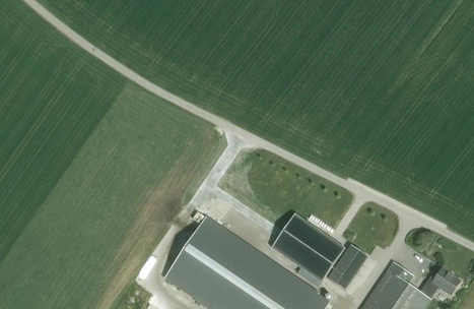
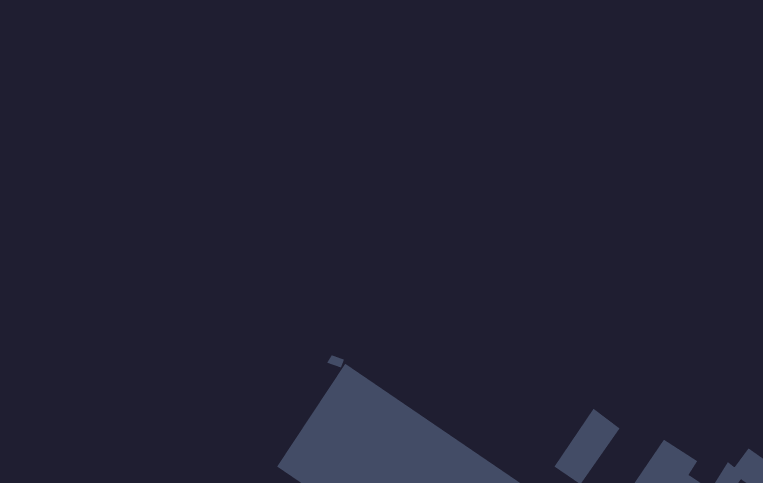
building: [272,212,345,281] -> none

